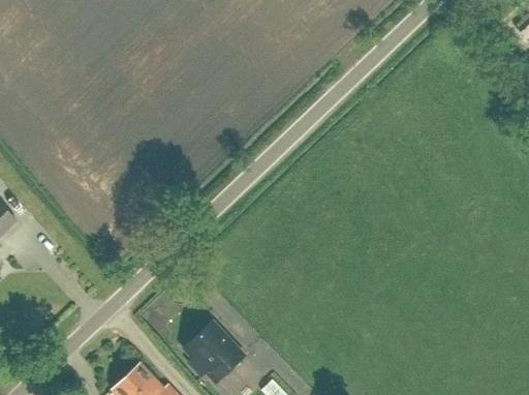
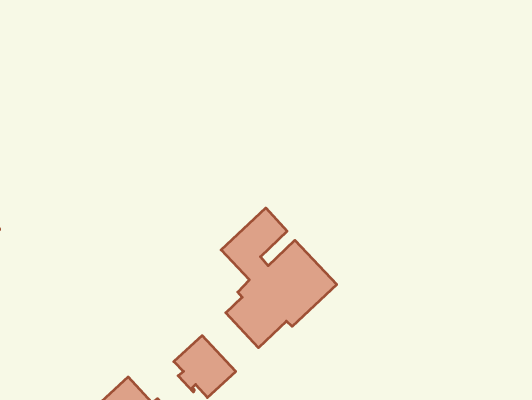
building: none -> [221,208,337,348]

